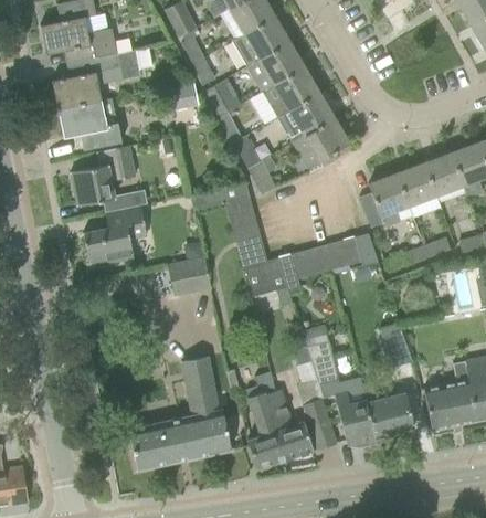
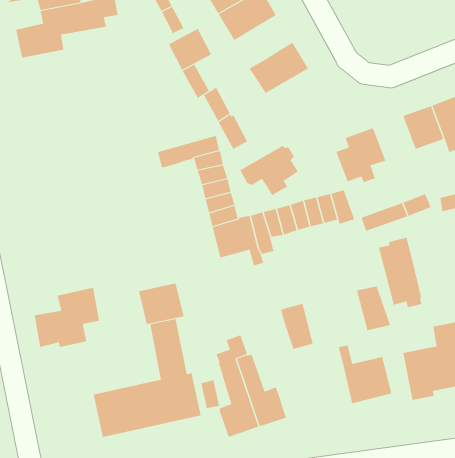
building: [263,66,319,117] -> none
building: [169,84,199,110] -> none
building: [60,99,121,149] -> none
building: [293,117,349,166] -> [240,145,298,196]
building: [71,146,135,205] -> none
building: [397,162,436,205] -> none
building: [84,205,147,263] -> [34,287,100,347]
building: [168,257,212,297] -> [138,283,184,325]
building: [297,356,338,452] -> none
building: [334,379,376,446] -> [378,237,422,308]

